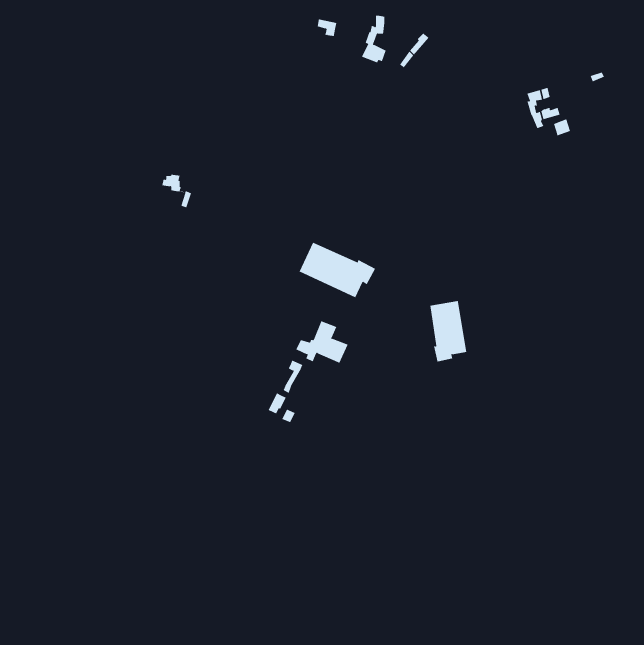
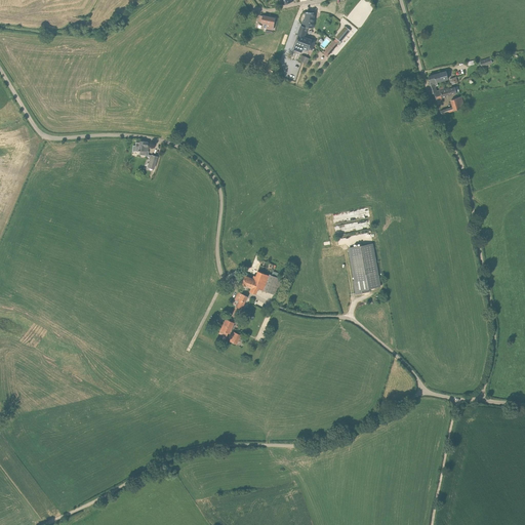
building: [299,242,376,298] -> none

